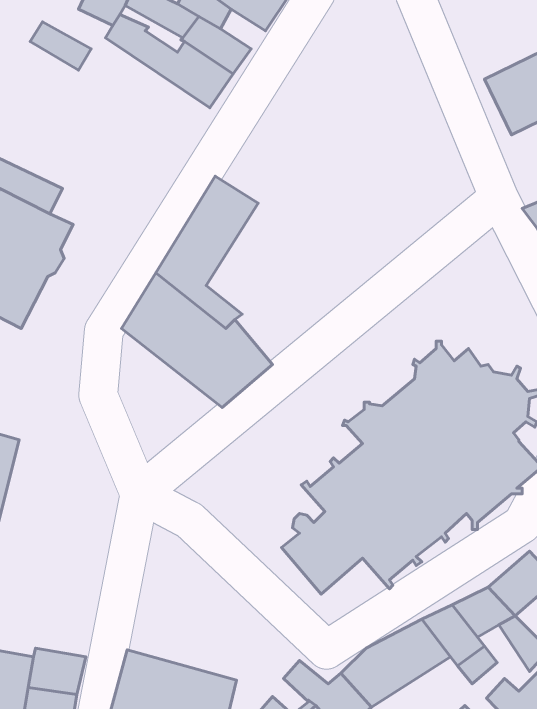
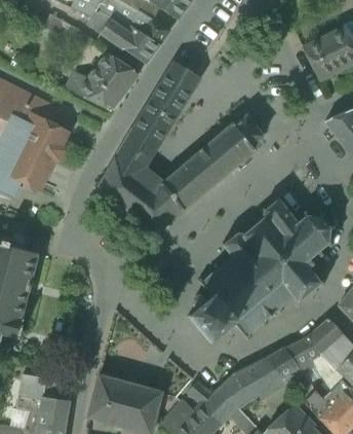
building: none -> [65,53,138,110]
building: none -> [149,62,199,118]
building: none -> [160,115,263,211]

